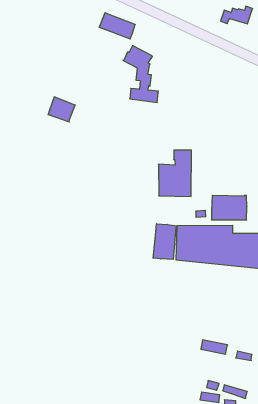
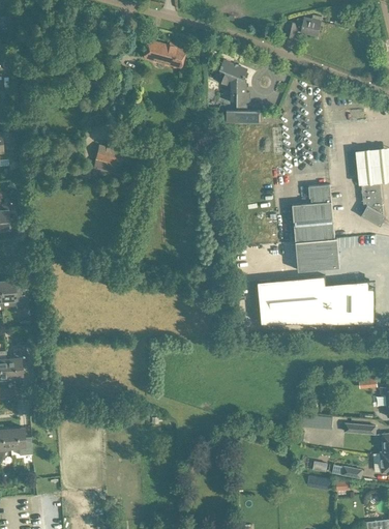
building: [123,46,158,102] -> [213,60,259,124]
building: [158,150,191,196] -> [292,184,334,242]
building: [153,224,177,259] -> none

